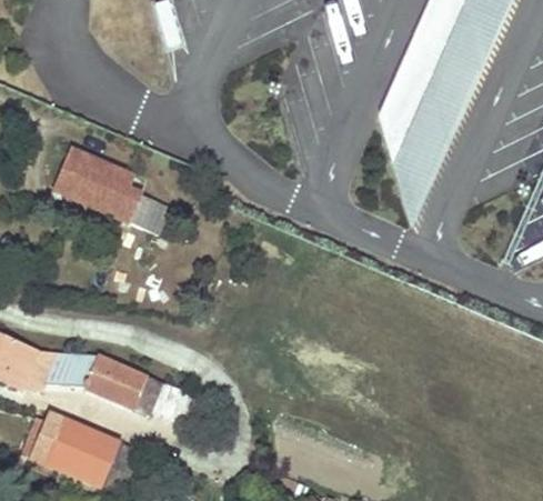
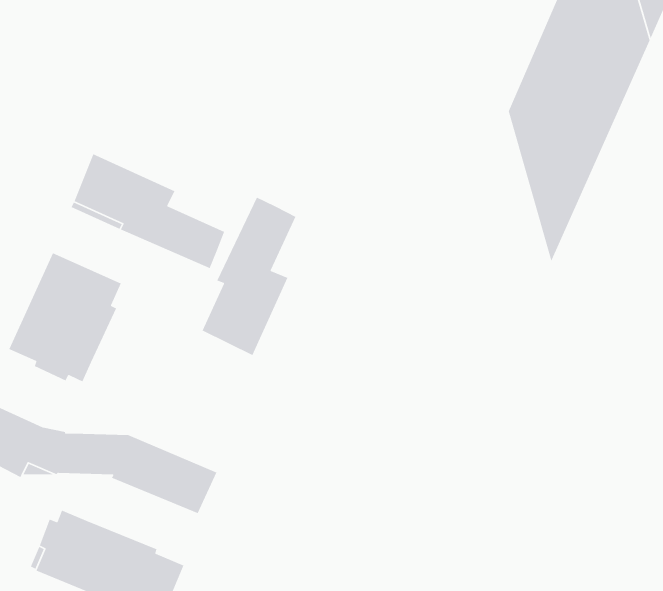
building: none -> [202,196,296,356]
building: none -> [9,252,122,383]

